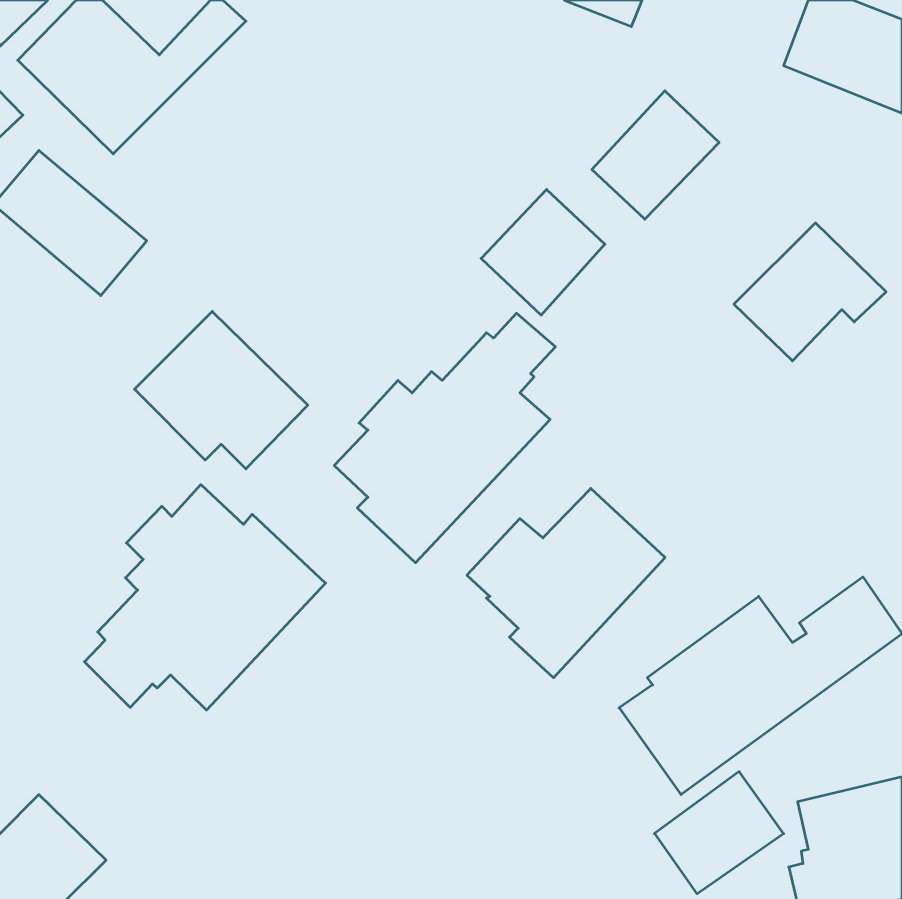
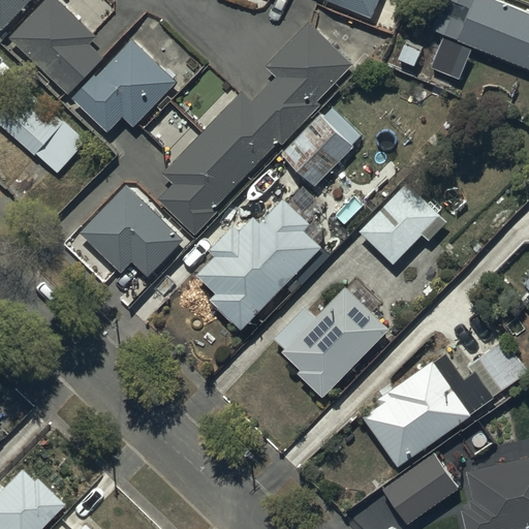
building: none -> [156,22,352,238]
building: none -> [72,41,178,132]
building: [592,91,719,219] -> none
building: [734,223,886,361] -> [359,184,447,264]
building: [84,485,326,710] -> none

